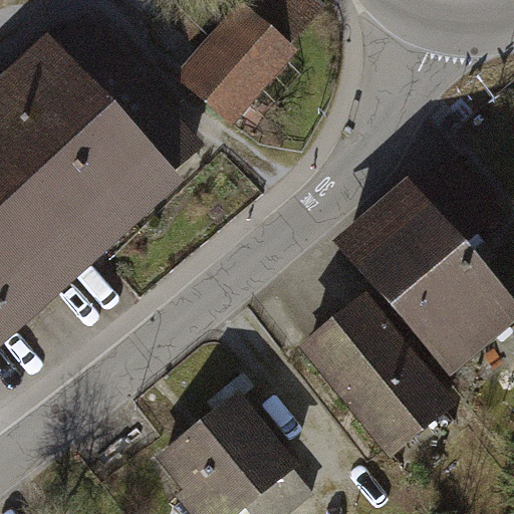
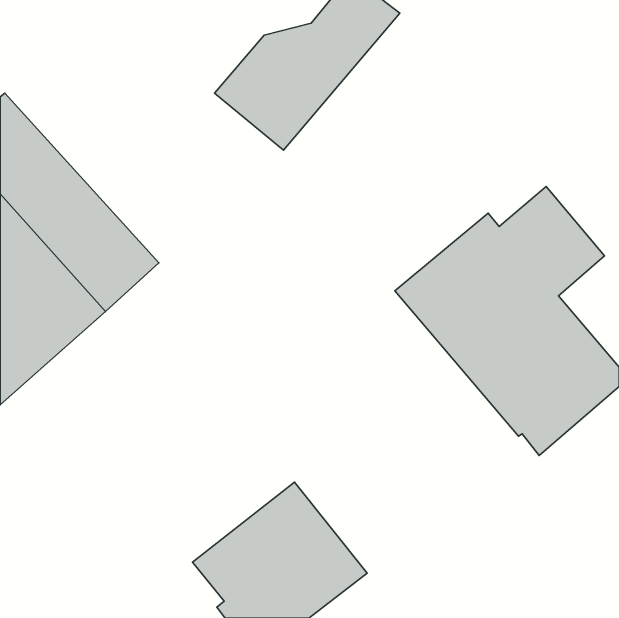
building: [4,13,204,218] -> none
building: [296,292,455,459] -> none

